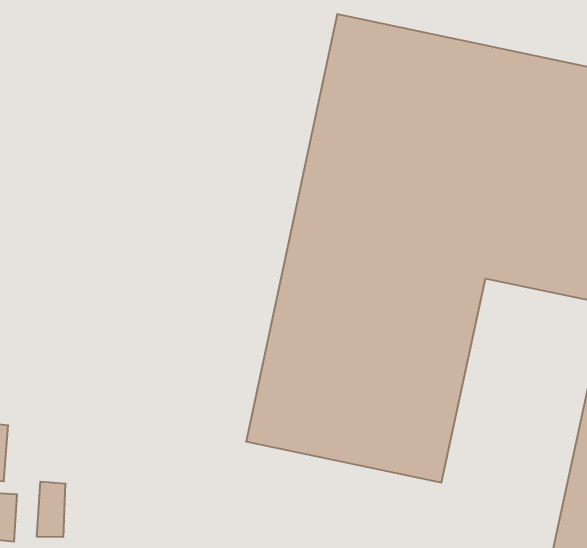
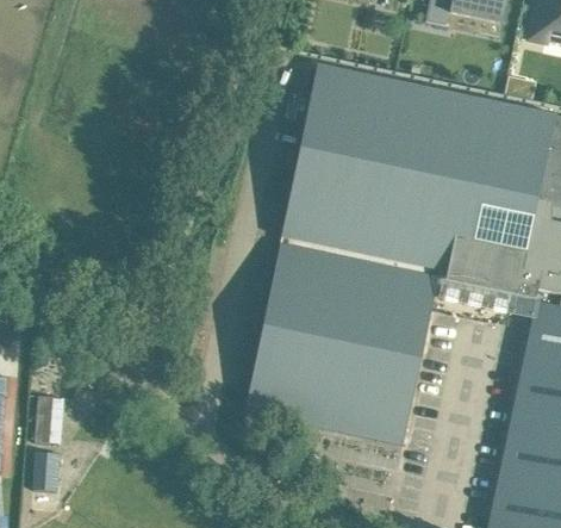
building: [37,482,65,537] -> none

